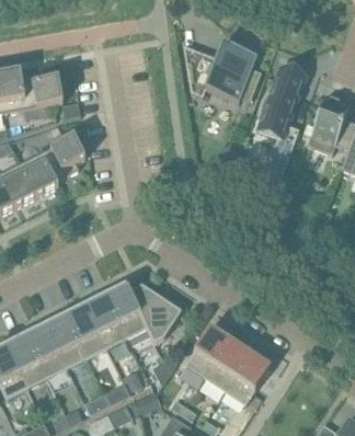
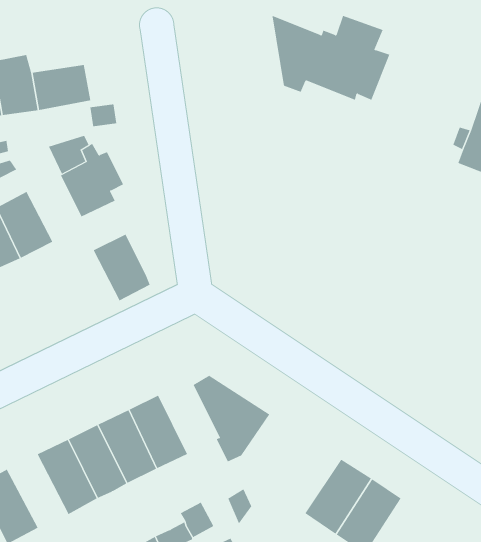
building: [259,69,305,171] -> none
building: [20,152,58,197] -> [93,234,150,301]
building: [107,288,148,339] -> none
building: [185,329,229,378] -> none
building: [7,339,47,388] -> none

